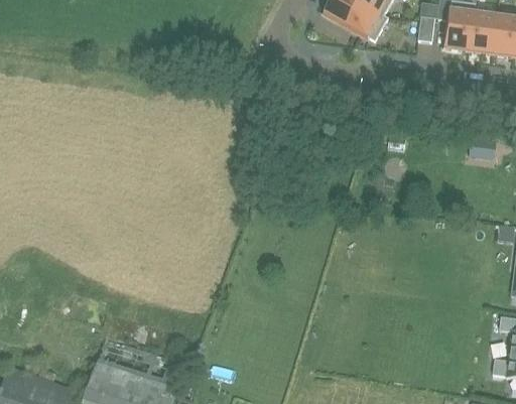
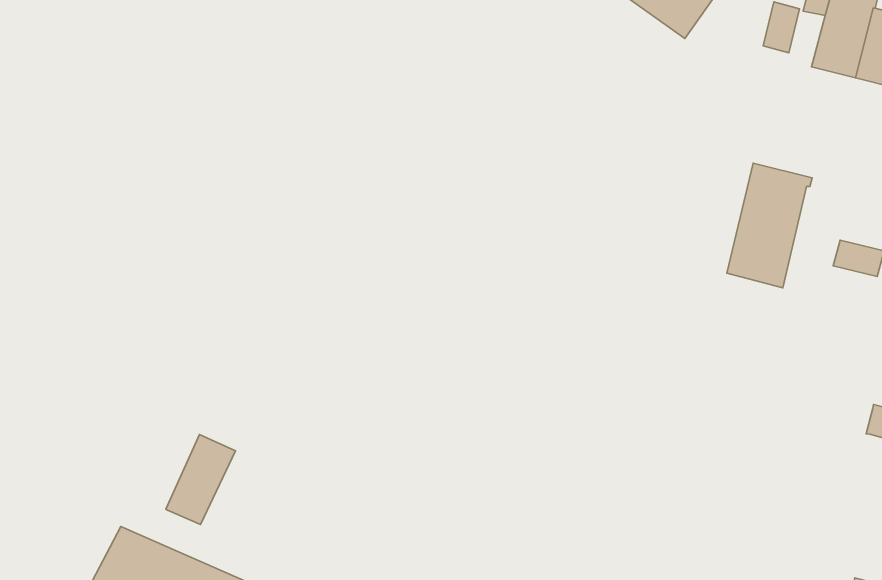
building: none -> [727,163,812,288]
building: none -> [166,435,236,525]

